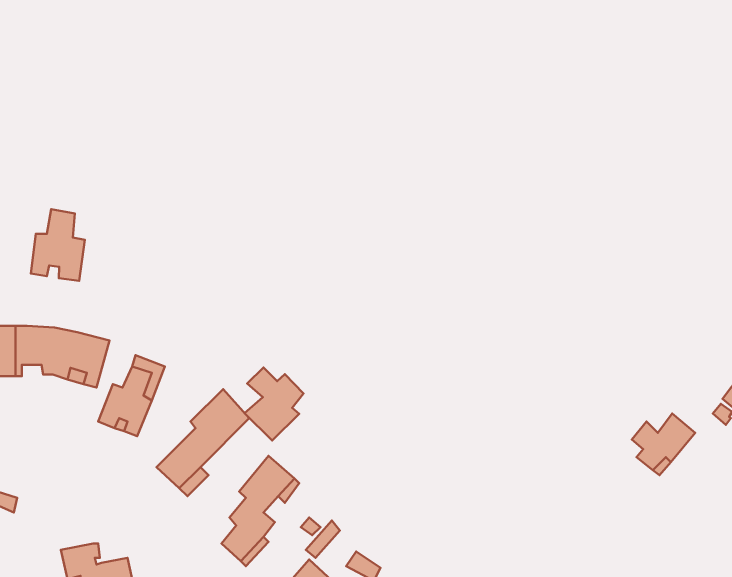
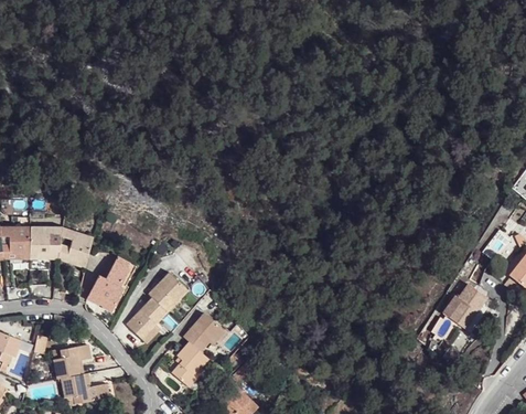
building: [31,209,85,281] -> none
building: [244,368,304,440] -> none
building: none -> [54,344,90,379]

